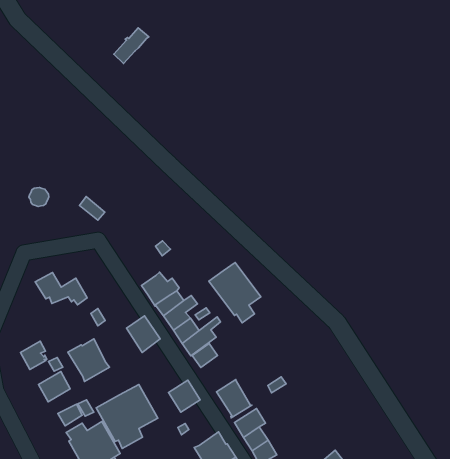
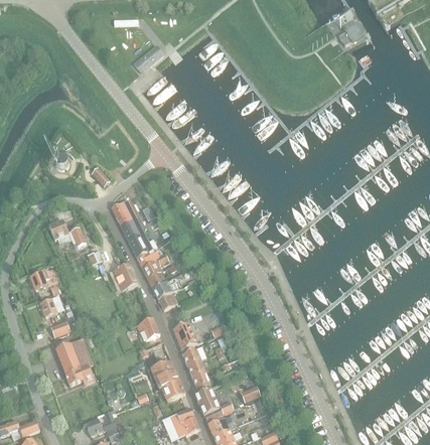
building: none -> [111,200,143,241]
building: [209,263,261,323] -> none
building: [68,339,110,382] -> none
building: [96,385,158,449] -> none

